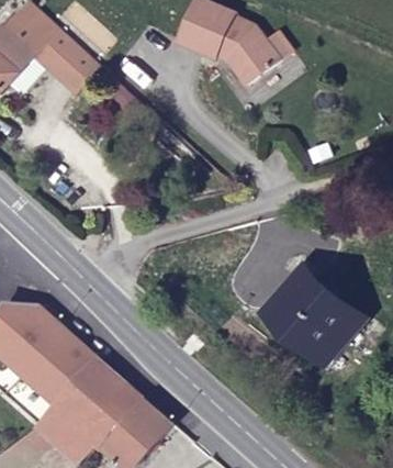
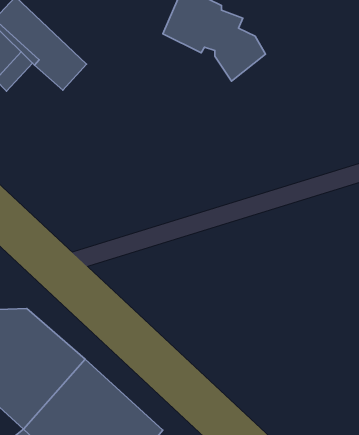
building: [272,274,360,357] -> none

